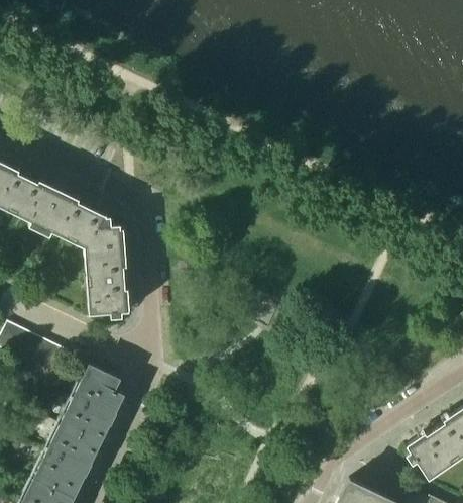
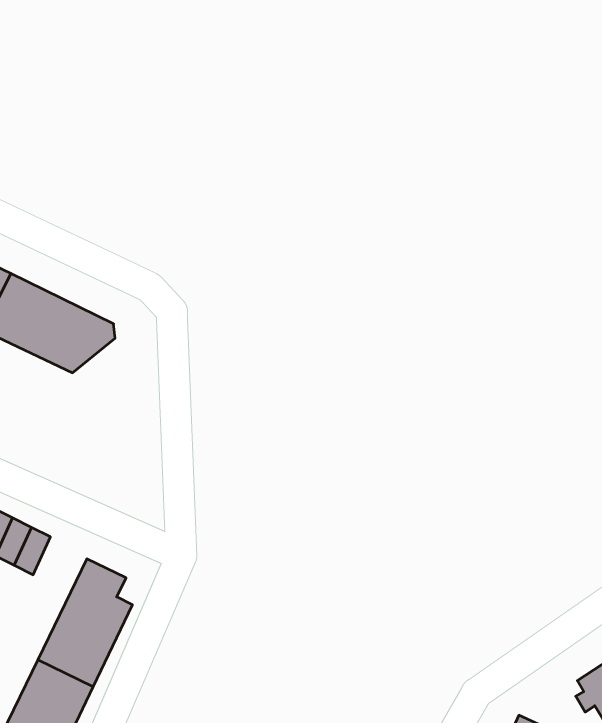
building: [83,225,127,315] -> none

